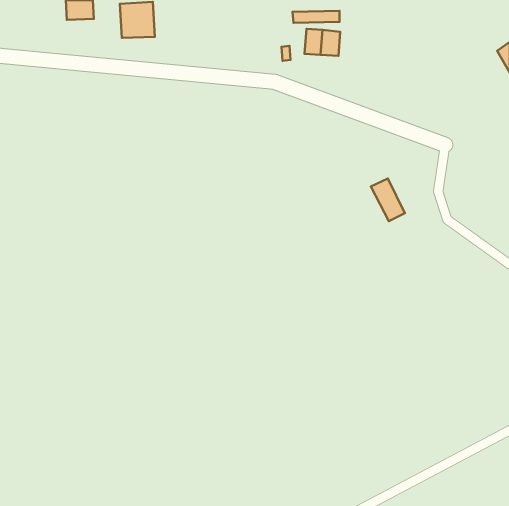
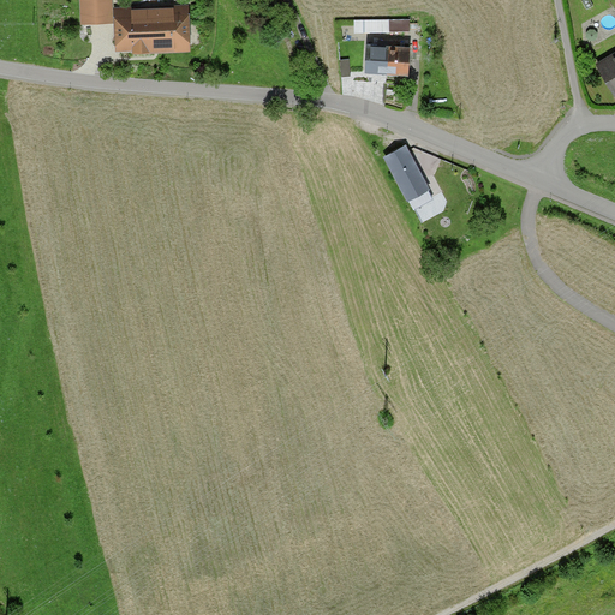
building: none -> [117,10,148,52]
building: [371,178,405,221] -> [387,150,428,202]

